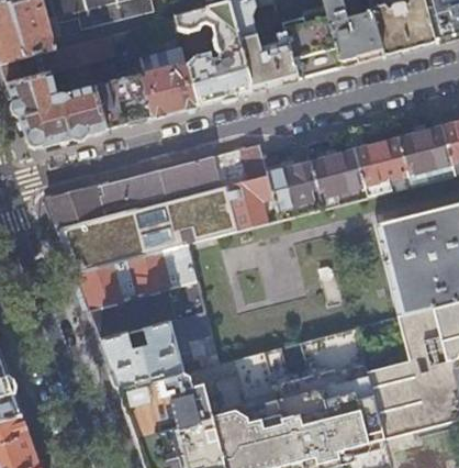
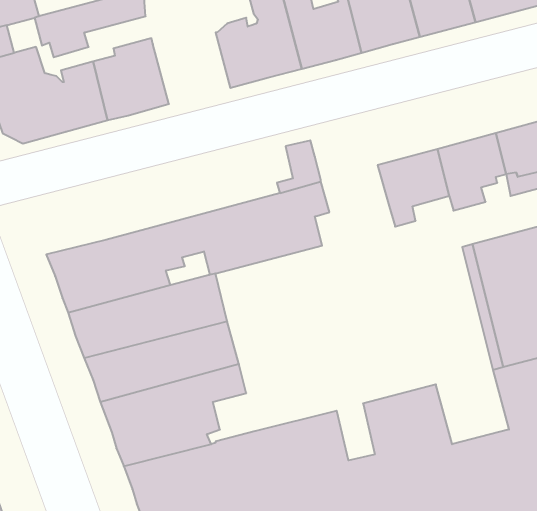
building: [139,63,198,116] -> none
building: [48,156,219,230] -> none
building: [266,163,317,209] -> none

